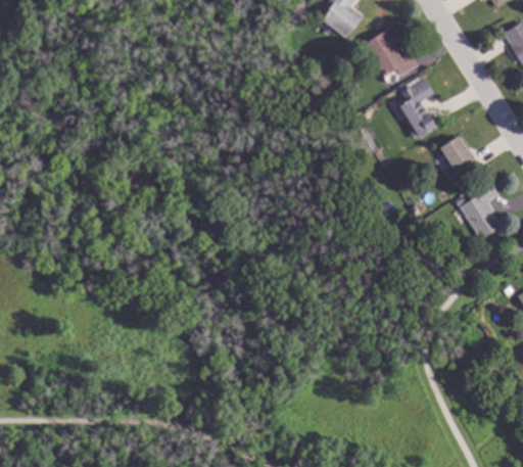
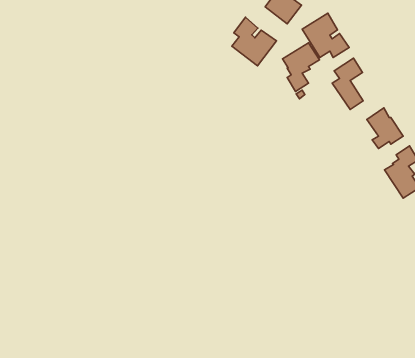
building: none -> [232,17,276,66]
building: none -> [282,43,320,92]

